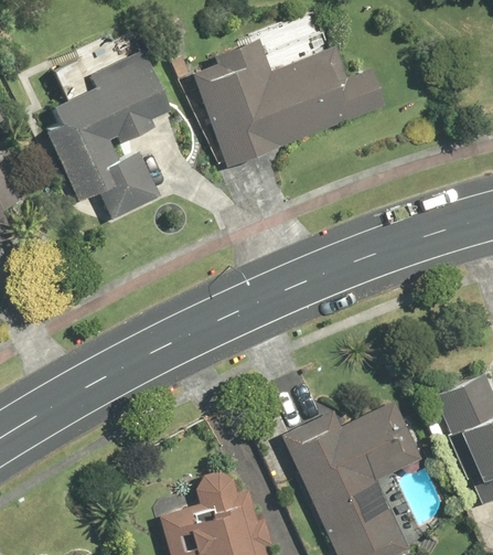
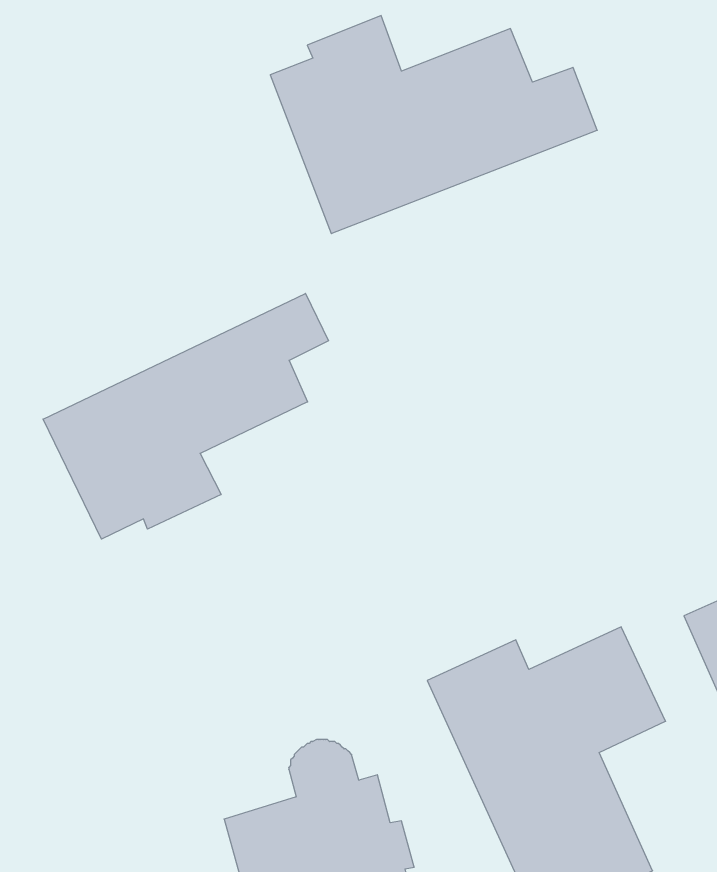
building: [42,50,168,221] -> none
building: none -> [43,293,328,539]

